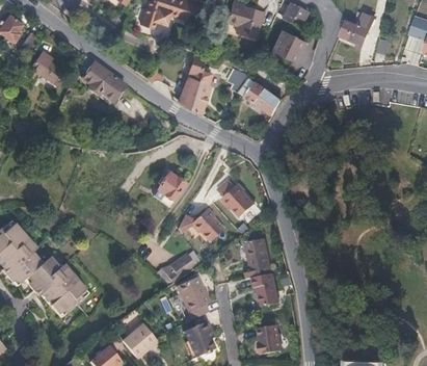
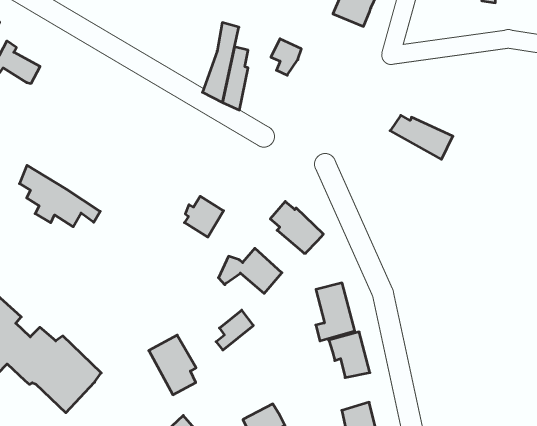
building: [79,57,134,103] -> [19,165,100,227]
building: [237,82,281,115] -> [390,115,453,159]
building: [180,280,212,321] -> [149,335,196,395]

